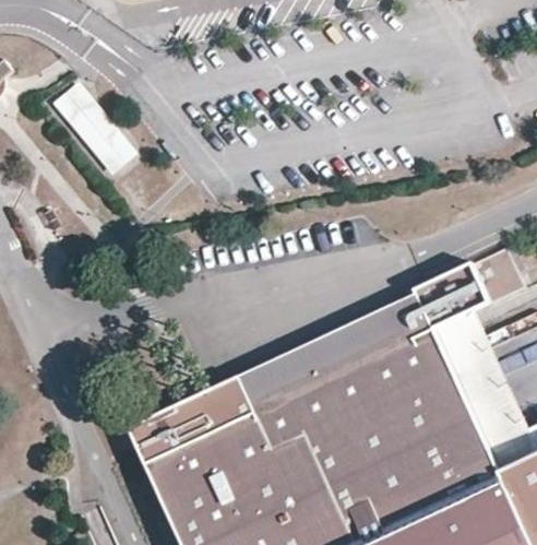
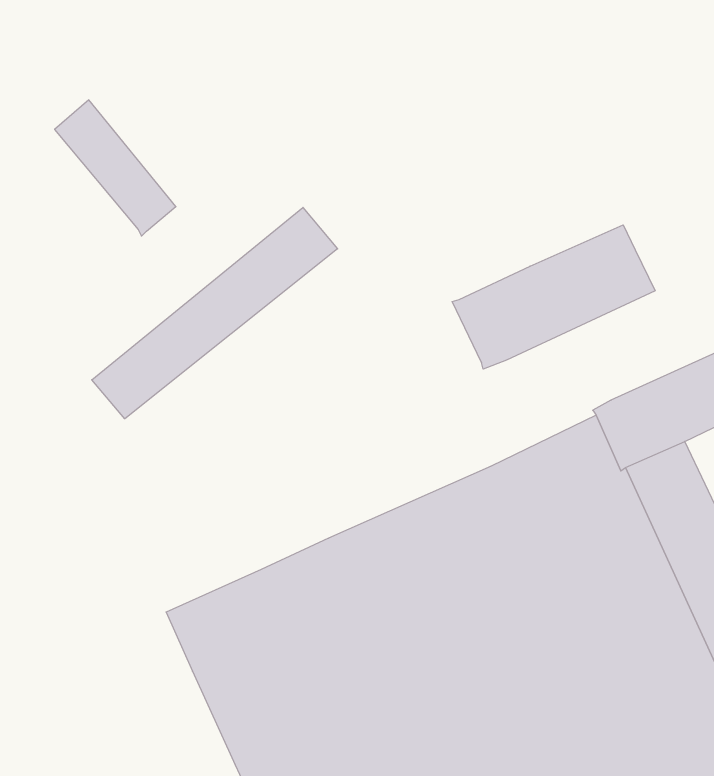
building: none -> [92,207,338,419]
building: none -> [452,225,655,369]

